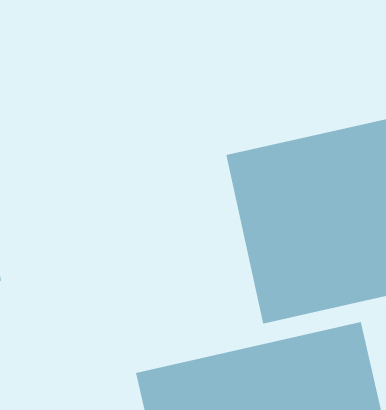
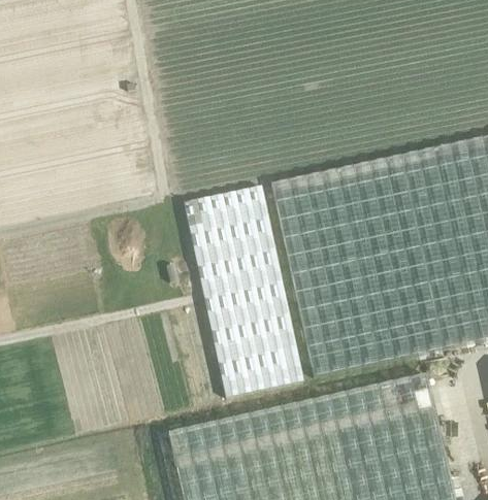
building: none -> [185,186,304,397]

